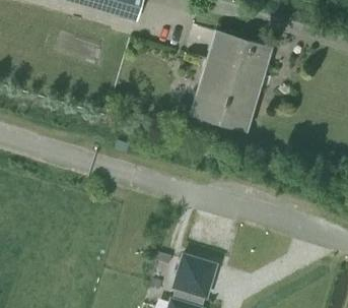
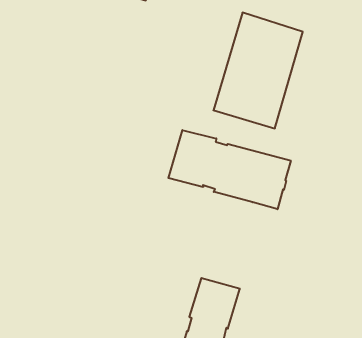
building: none -> [168,130,291,209]

